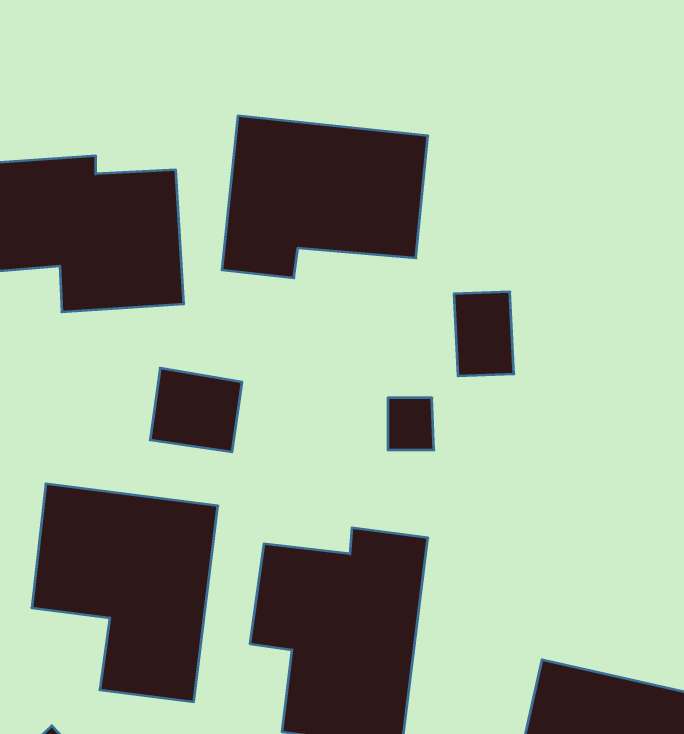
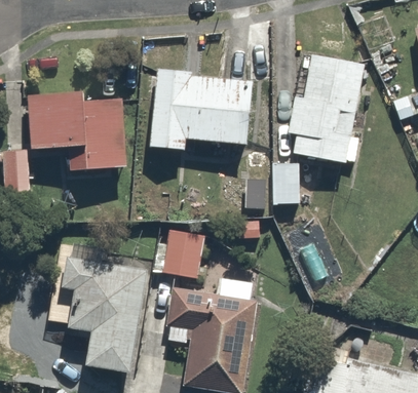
building: none -> [284,53,366,162]
building: [150,368,242,452] -> [158,234,205,277]

